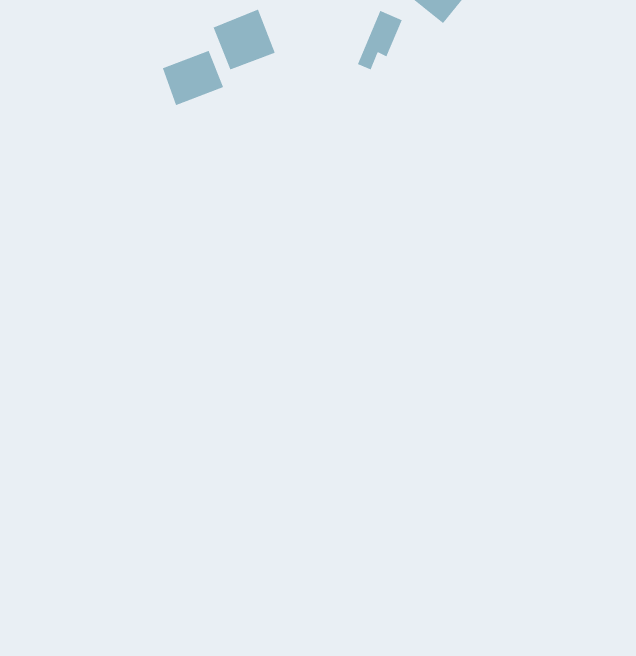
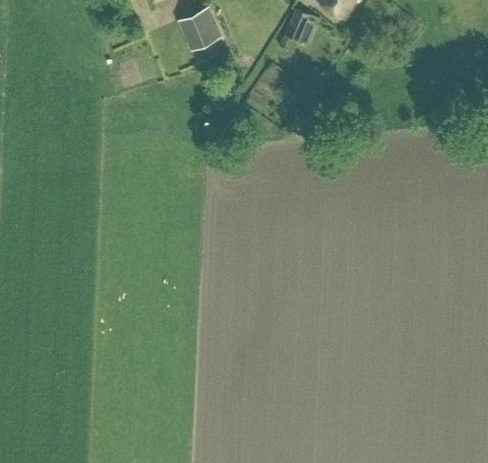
building: [162,50,224,106] -> none

